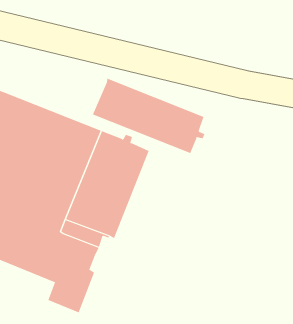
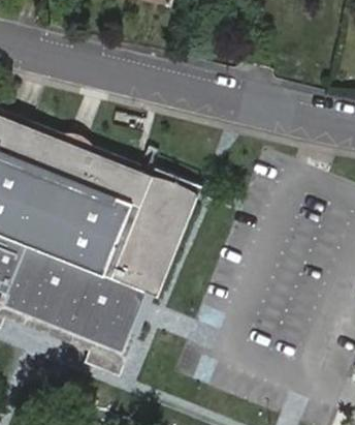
building: [92,78,205,154] -> none

